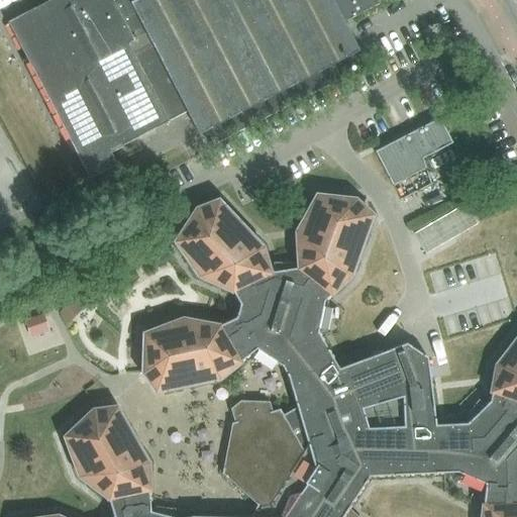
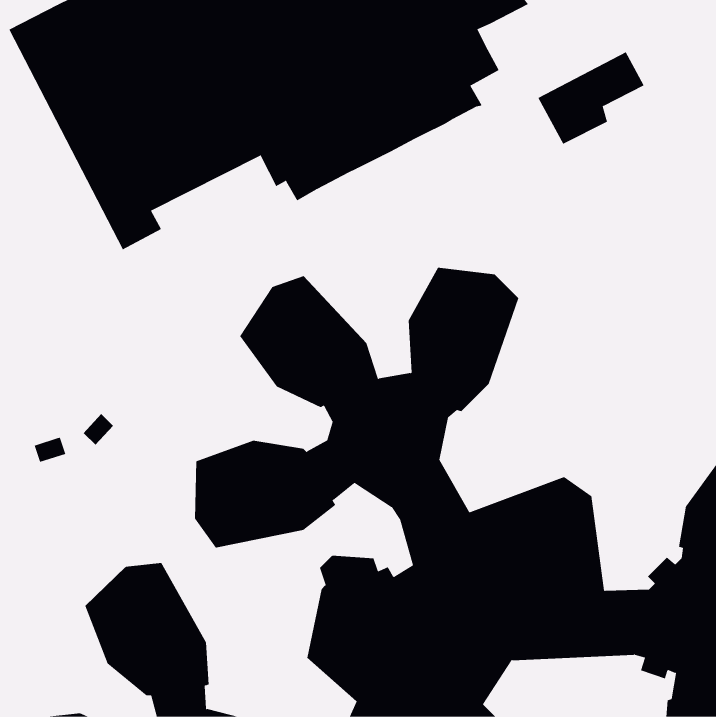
building: [376,117,452,184] -> [538,52,644,144]

